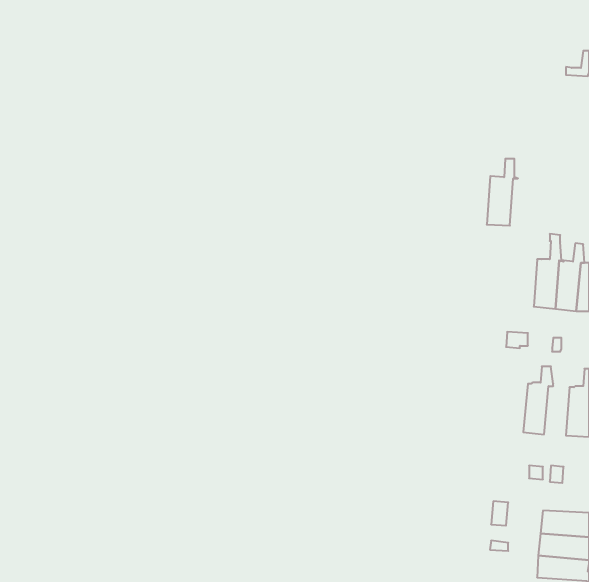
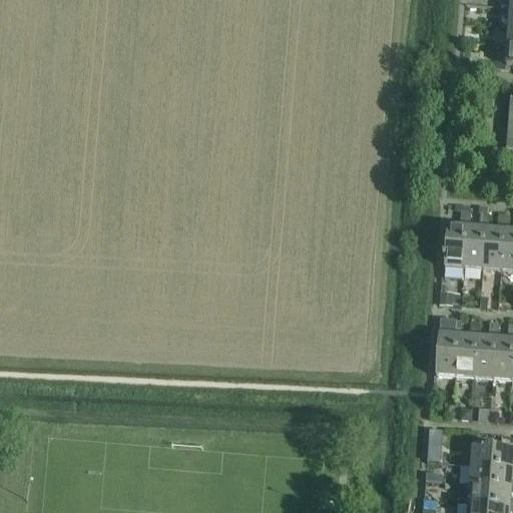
building: [487,159,518,226] -> [444,208,471,267]
building: none -> [435,316,463,376]
building: none -> [473,320,500,379]

